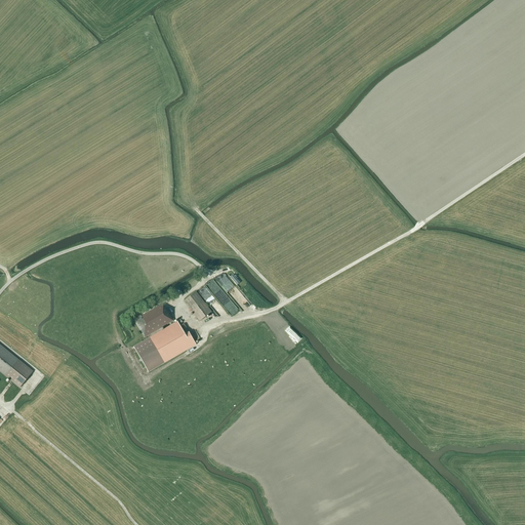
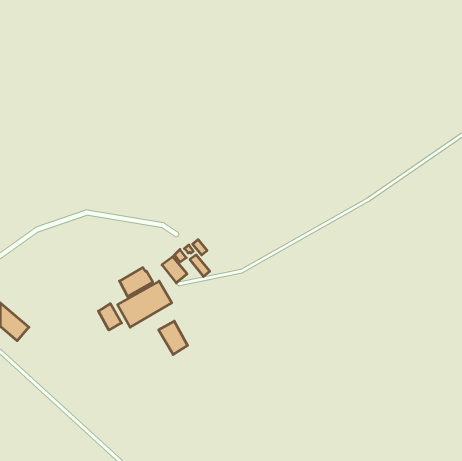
building: none -> [98,304,122,330]
building: none -> [159,321,188,355]

